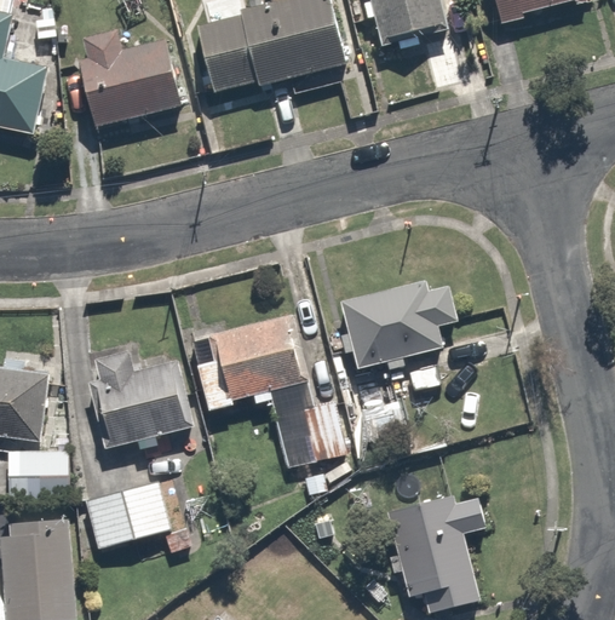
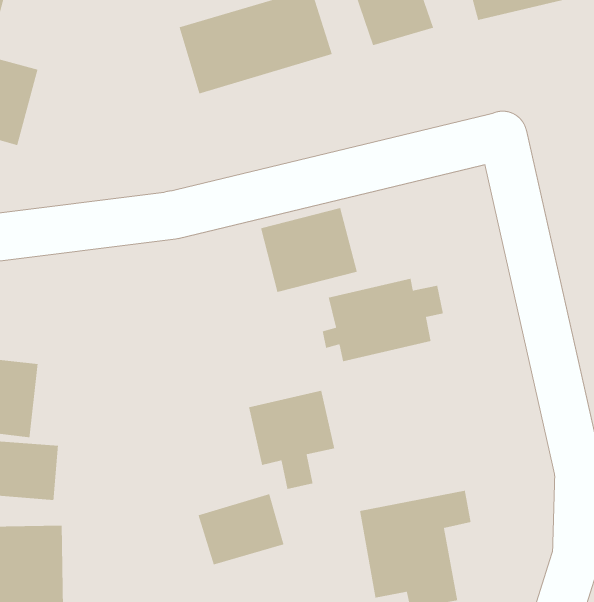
building: [75,30,182,131] -> none
building: [211,311,309,397] -> [260,207,358,293]
building: [82,341,191,449] -> none
building: [81,476,168,549] -> [197,493,284,565]

